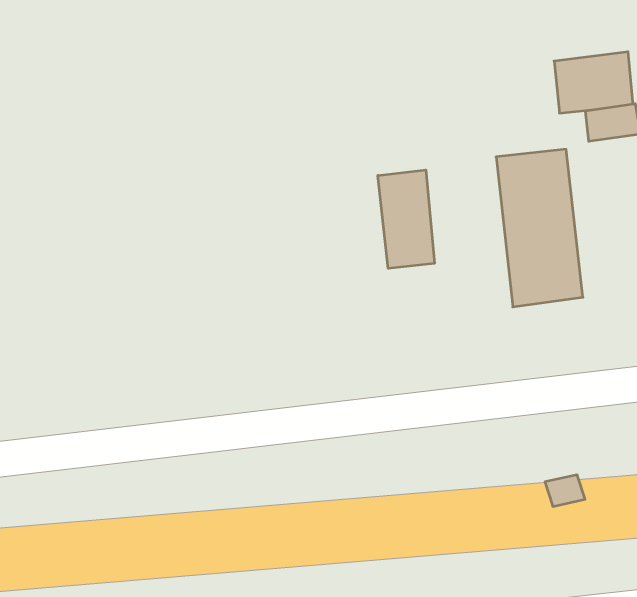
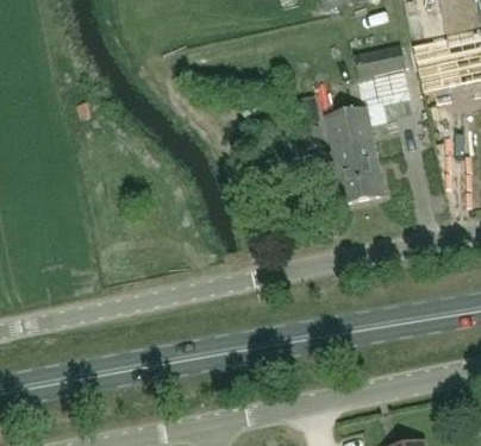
building: [378,170,434,268] -> none

